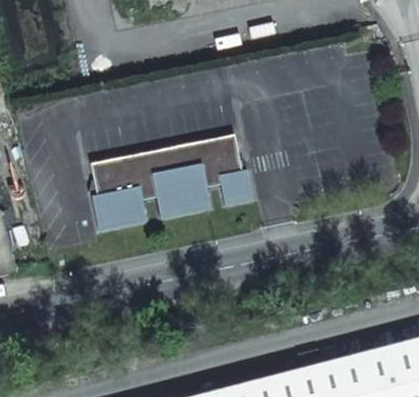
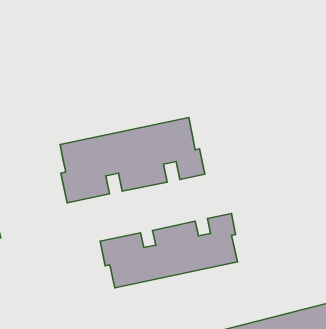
building: none -> [100,214,237,288]

